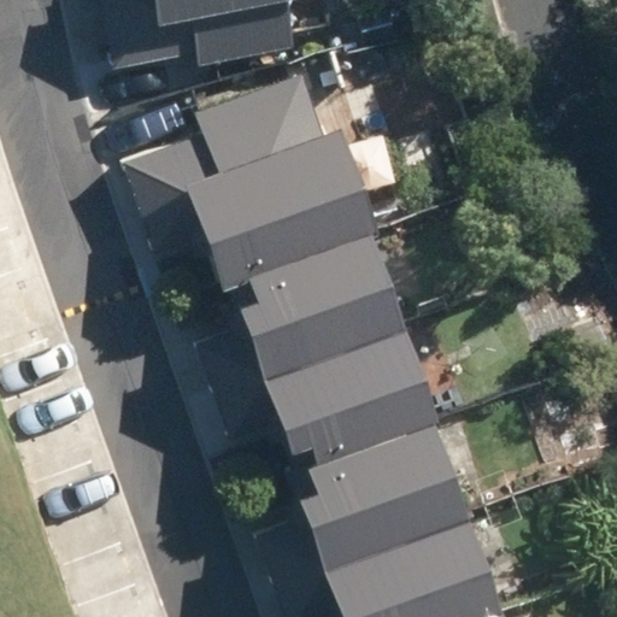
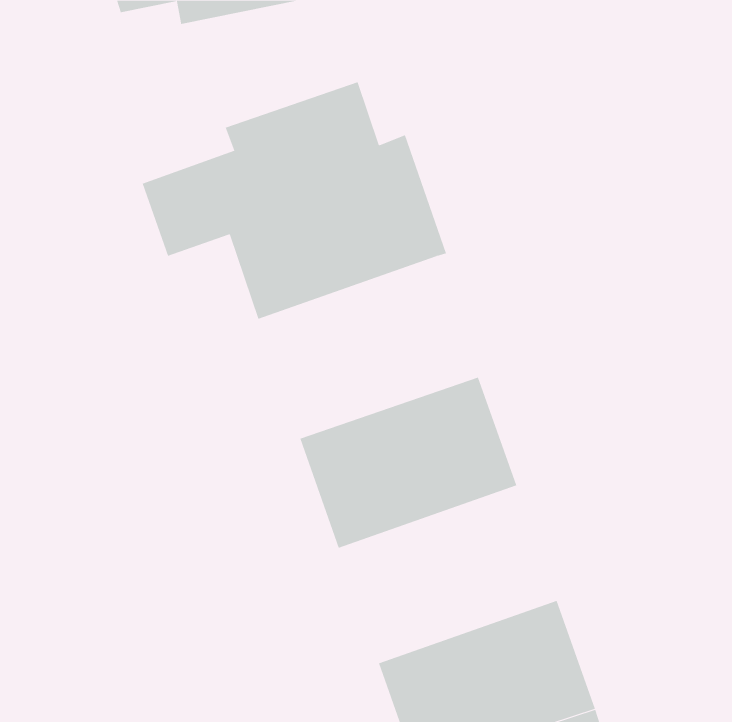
building: [196,224,402,377] -> none
building: [253,417,469,569] -> none

